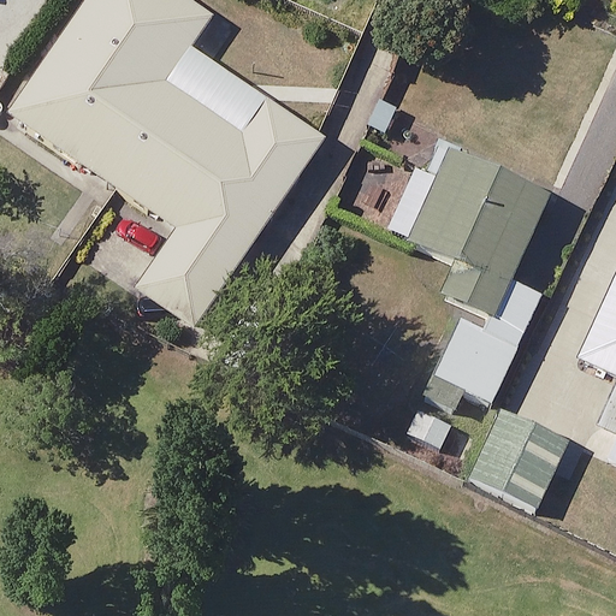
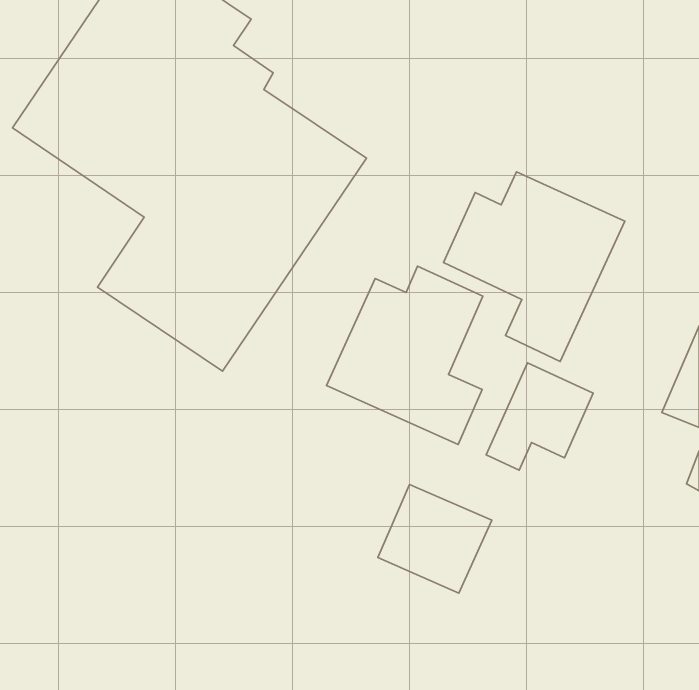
building: none -> [327,266,483,445]
building: [469,410,569,505] -> [378,484,492,593]

